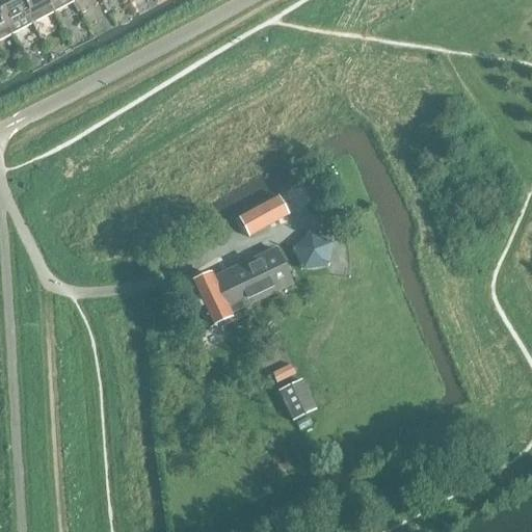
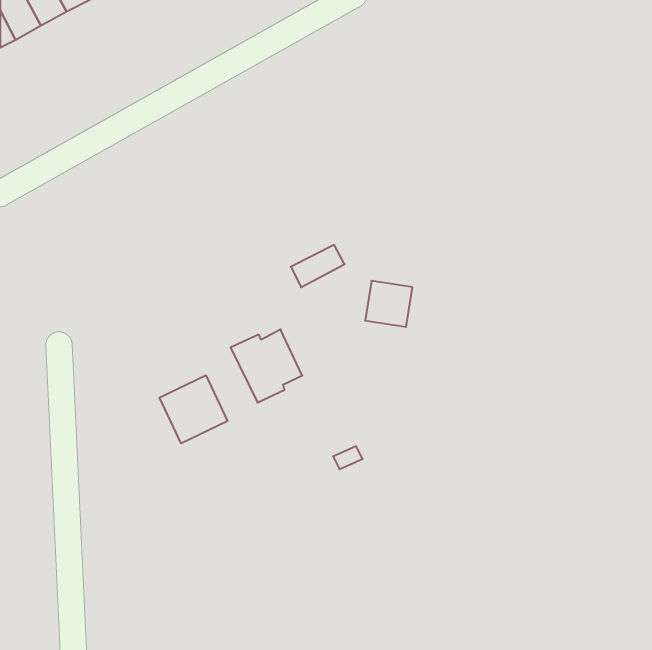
building: [230,246,294,304] -> none
building: none -> [159,375,228,443]
building: [277,375,318,419] -> none

